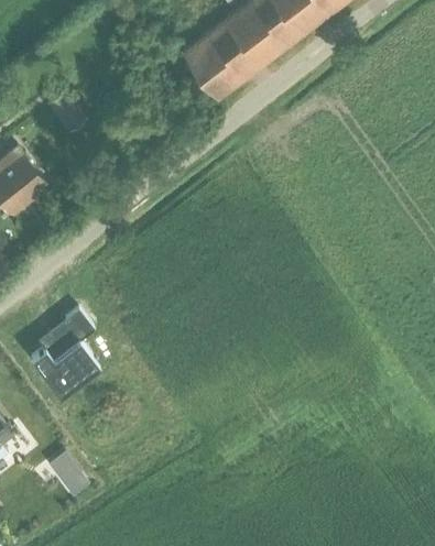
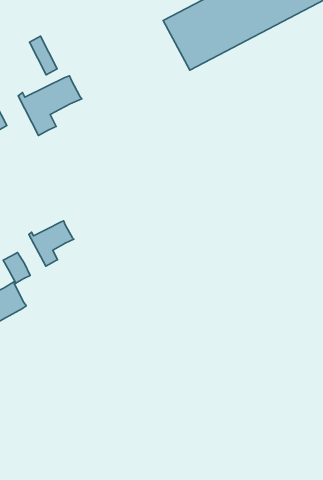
building: none -> [18,76,82,135]
building: none -> [29,221,74,266]

